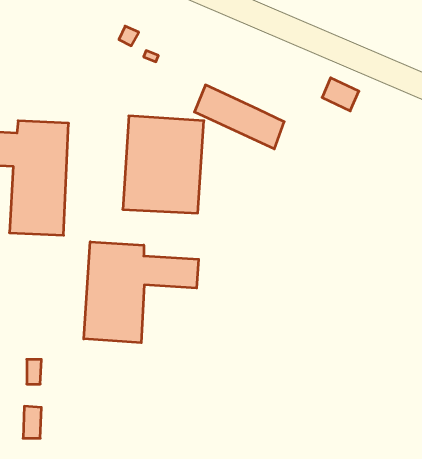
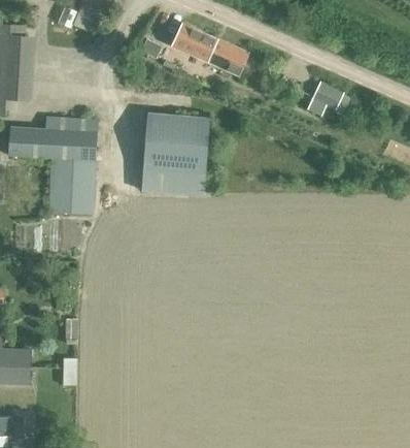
building: [194,85,284,149] -> [173,23,248,76]
building: [84,242,199,343] -> none

